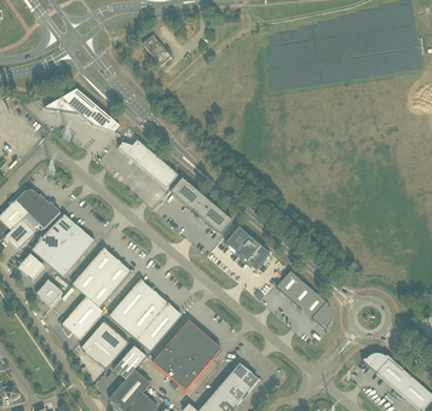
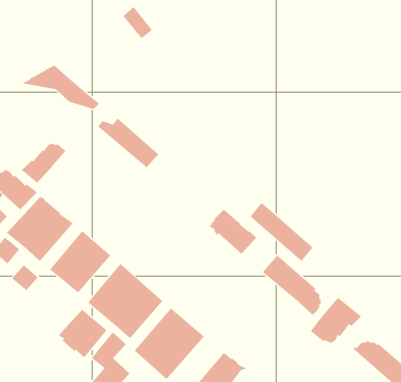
building: none -> [21,143,66,184]
building: [171,178,231,235] -> [250,202,313,262]
building: [58,295,104,338] -> none
building: none -> [310,297,362,343]

